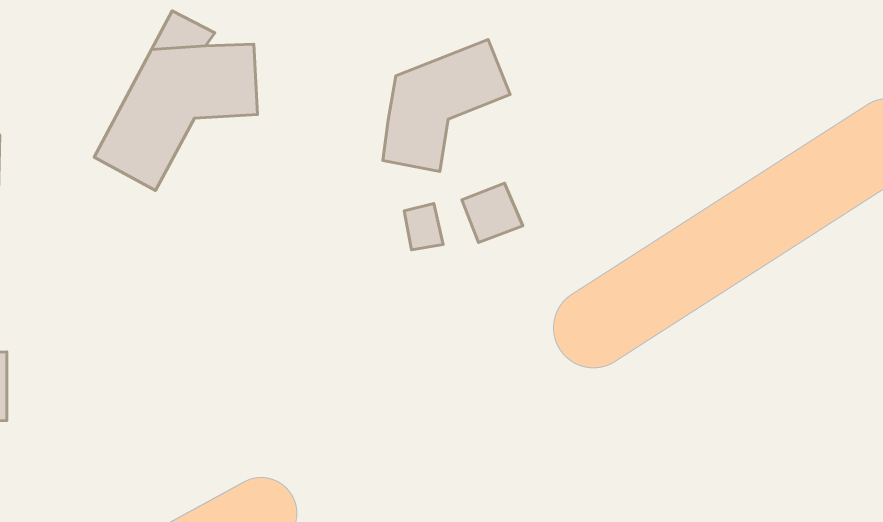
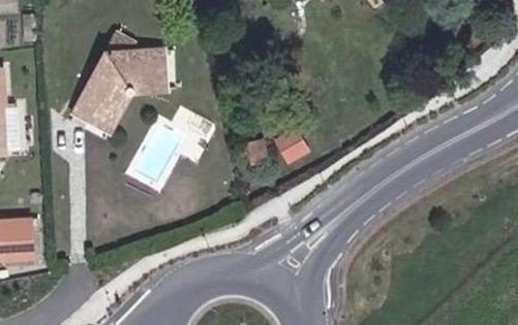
building: [383,40,510,171] -> none

